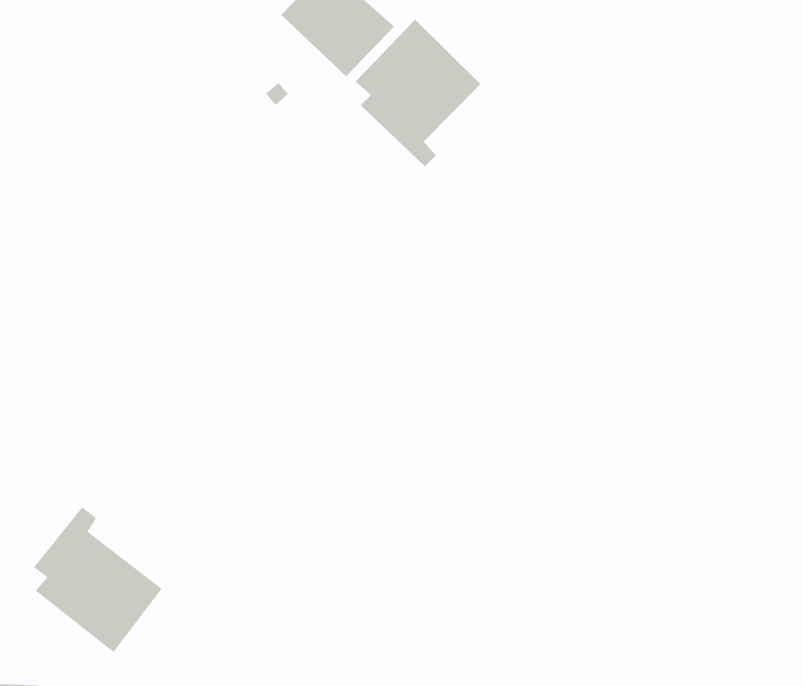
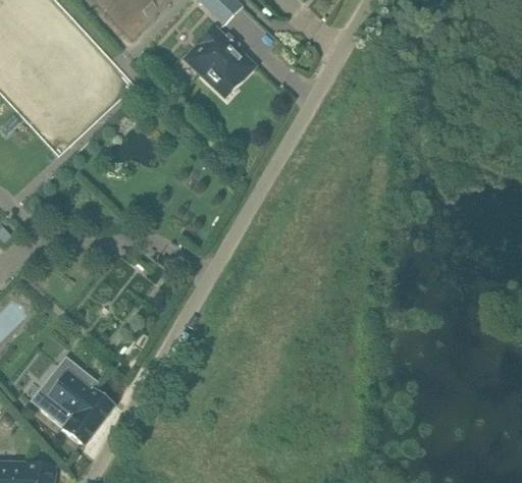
building: [355,19,481,167] -> none

